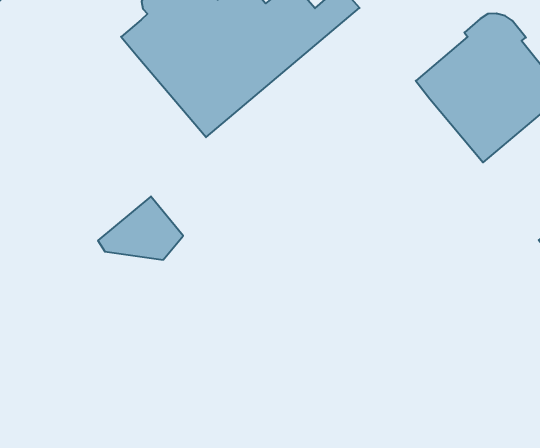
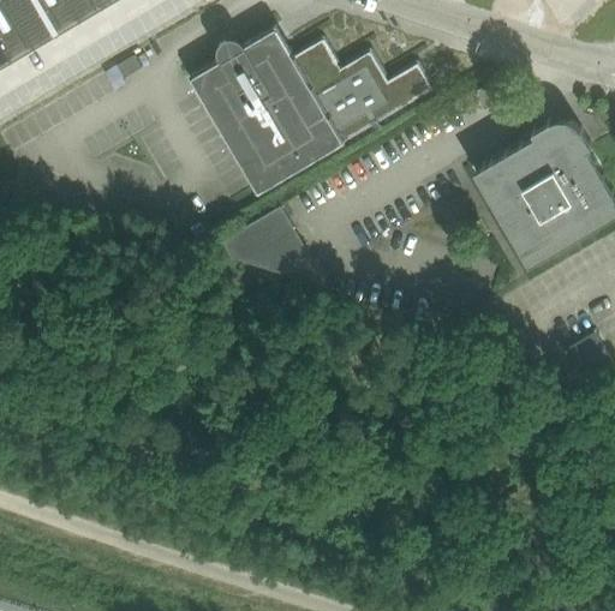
building: [98,196,183,260] -> [220,209,305,274]

